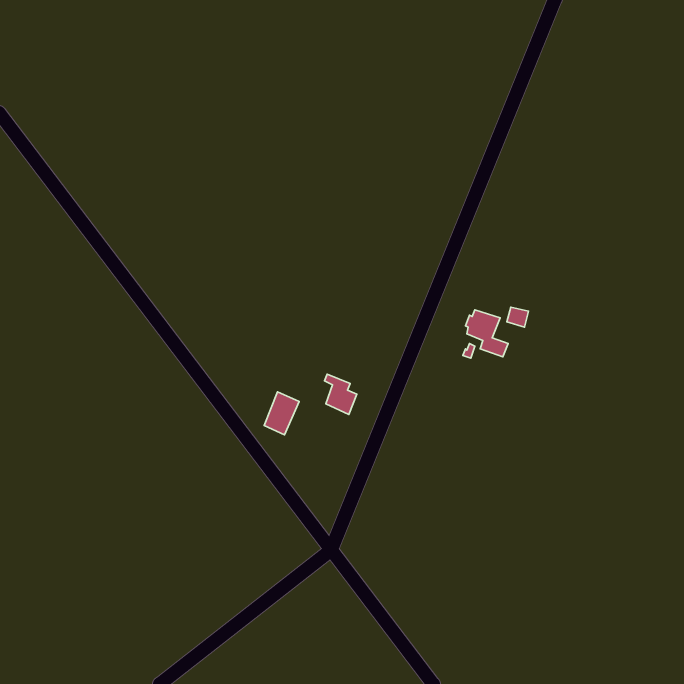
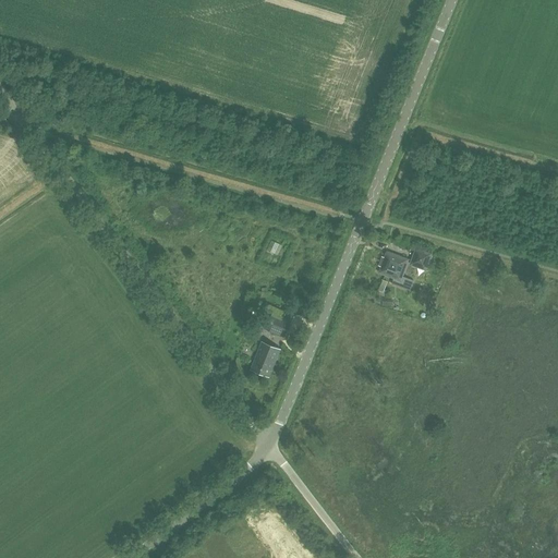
building: [264,392,299,435] -> [251,341,279,376]

